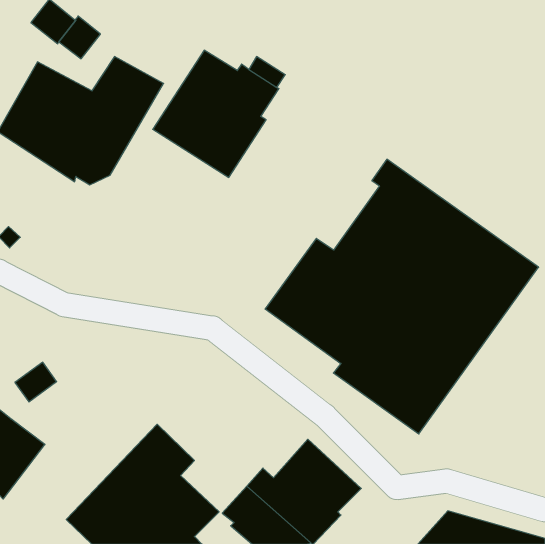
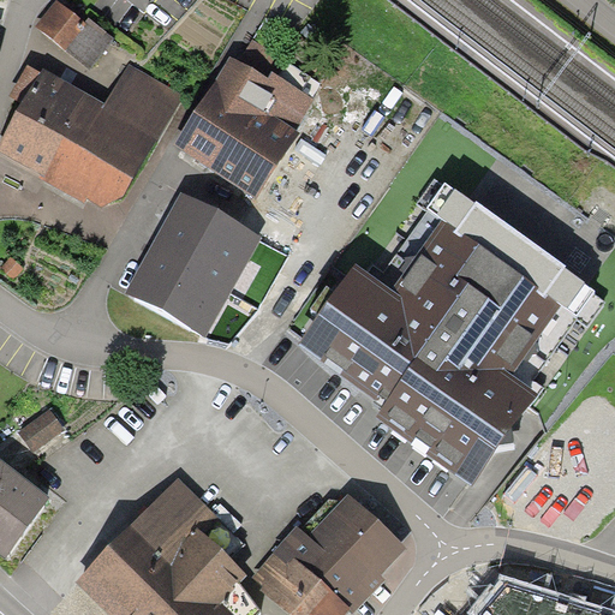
building: none -> [124,190,263,338]

